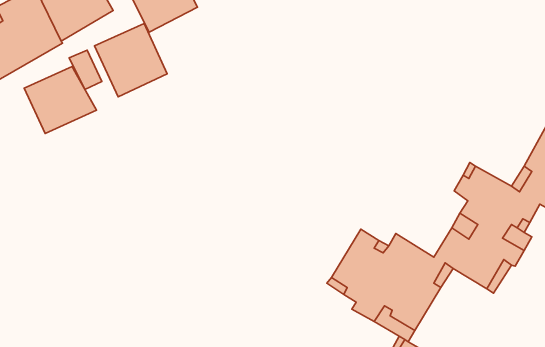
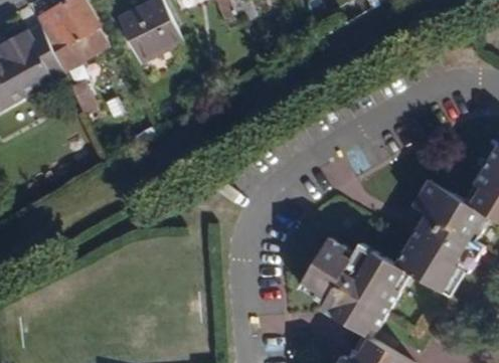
building: [95,23,167,97] -> none
building: [24,66,97,133] -> none

